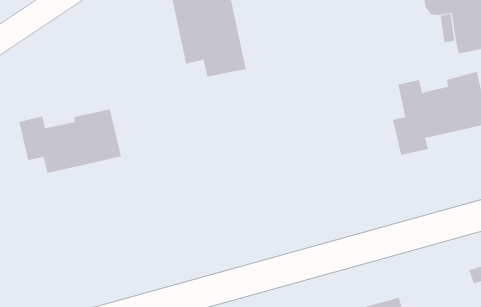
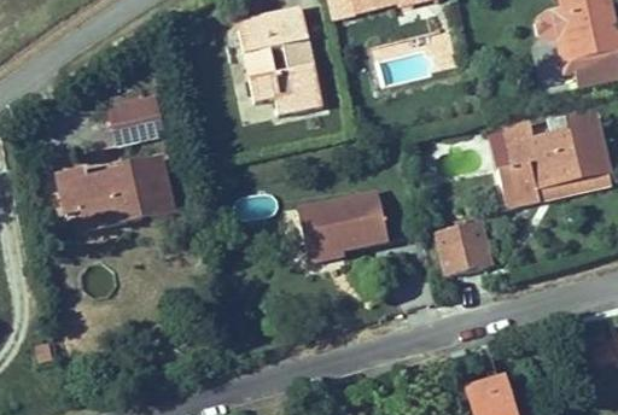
building: none -> [110,95,164,144]
building: none -> [296,189,387,256]
building: none -> [432,220,492,274]

